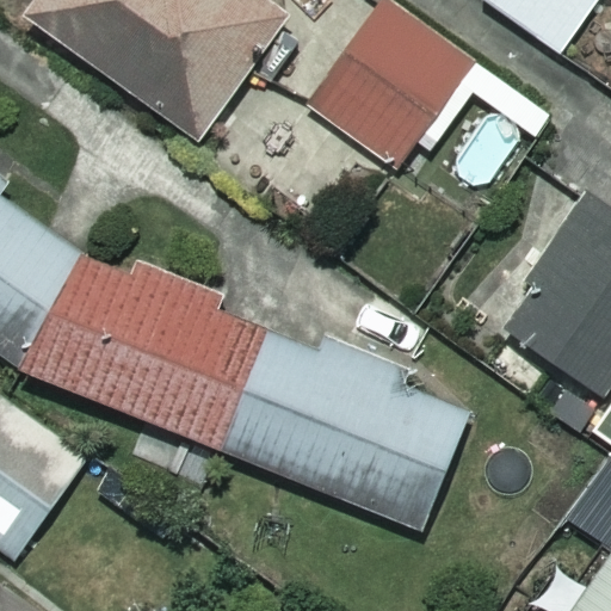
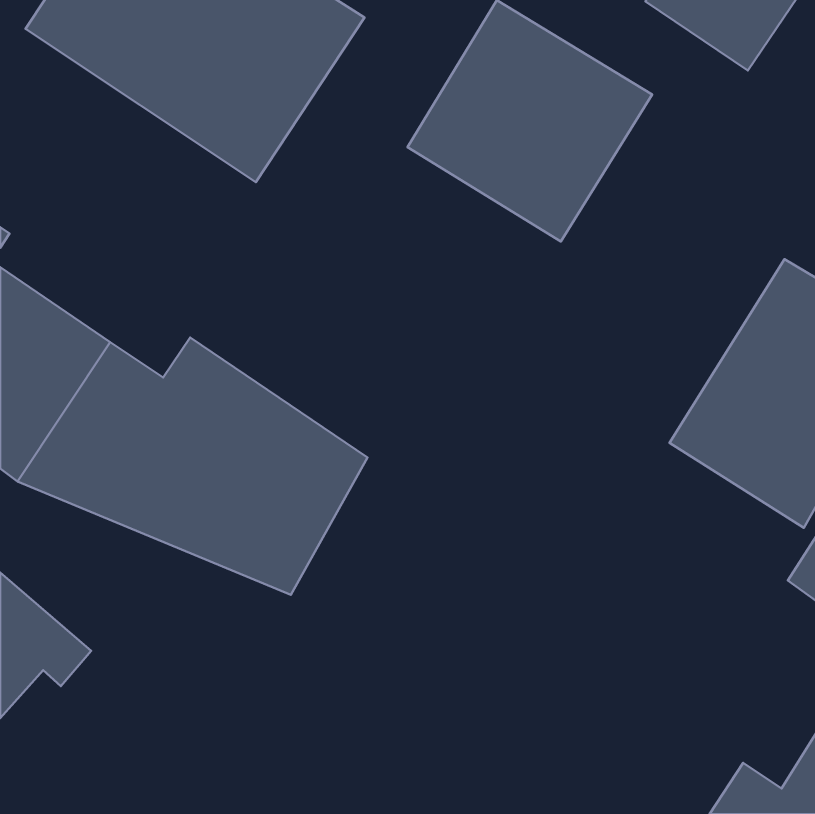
building: [218,332,473,527] -> none

